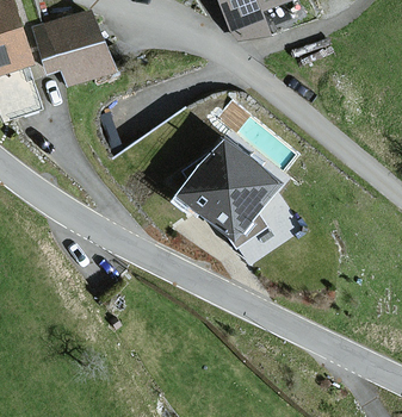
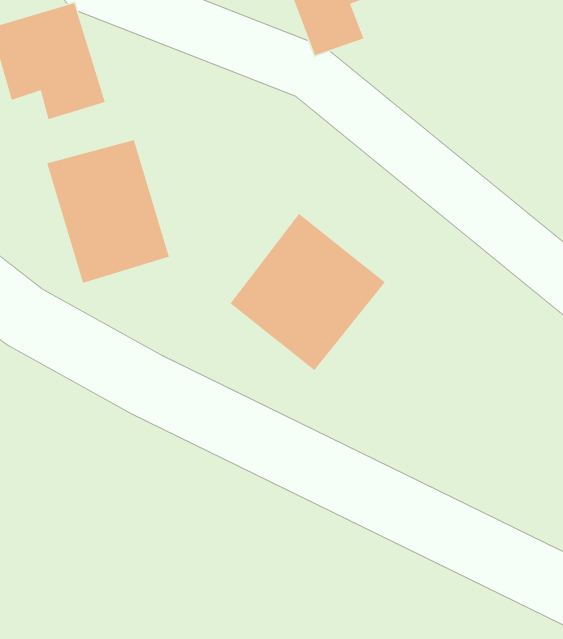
building: none -> [46,139,170,284]

